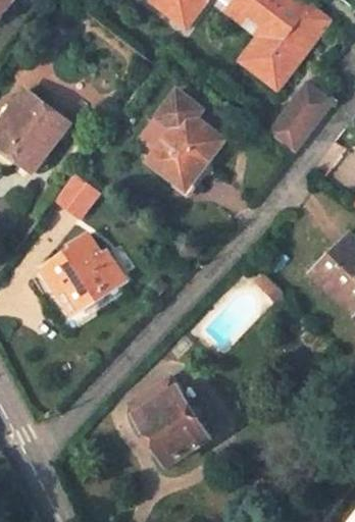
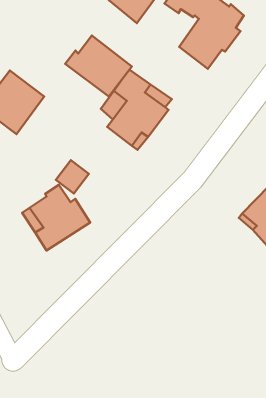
building: none -> [65,36,132,97]
building: [265,82,331,151] -> none
building: [57,174,98,216] -> [56,160,89,194]
building: [130,373,222,463] -> none

